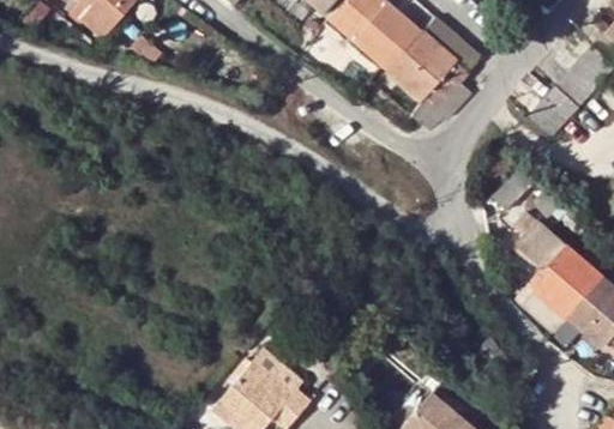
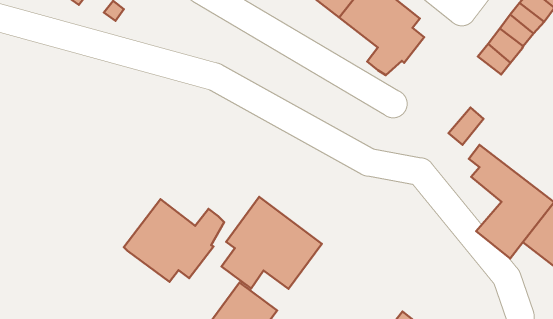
building: none -> [124,199,224,282]
building: none -> [222,197,322,289]

